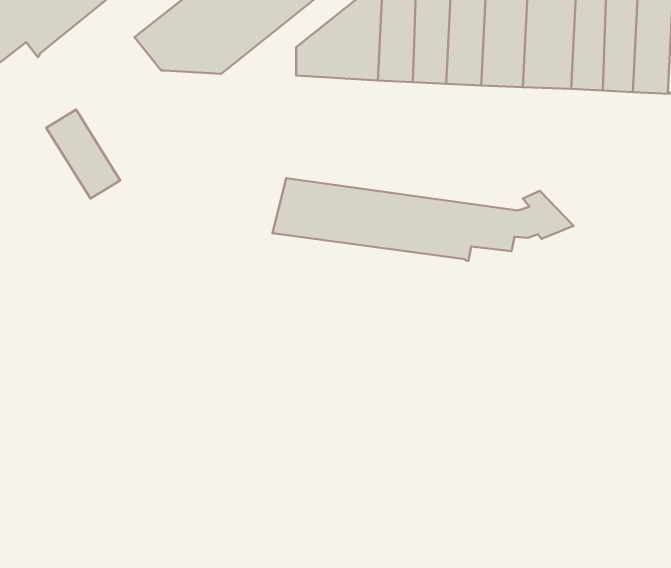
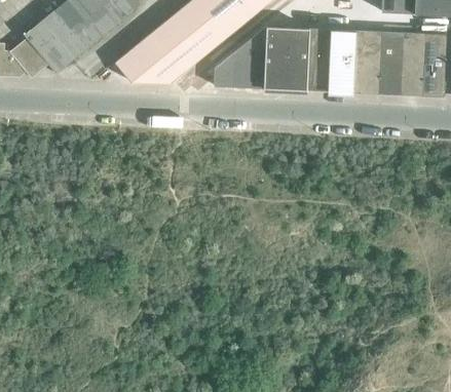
building: [46,110,120,199] -> none
building: [272,178,573,261] -> none

